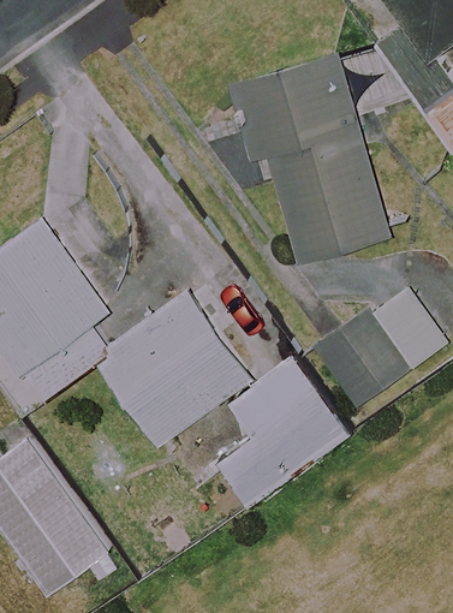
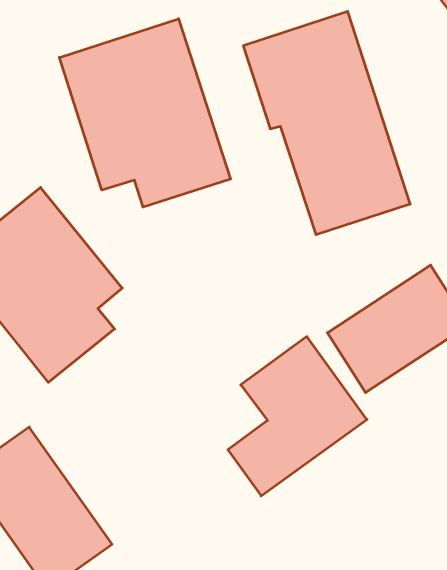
building: none -> [59,19,231,207]
building: [97,290,255,447] -> none

